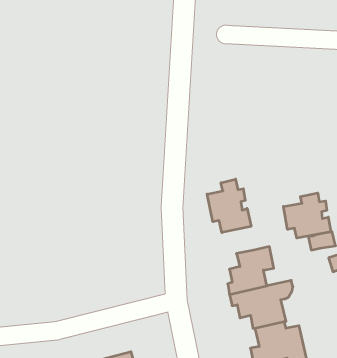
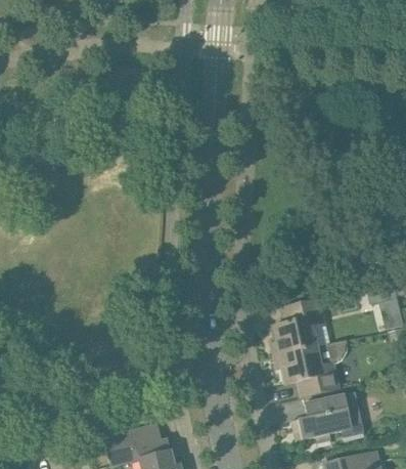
building: [207,179,251,233] -> none
building: [283,193,331,238] -> none

